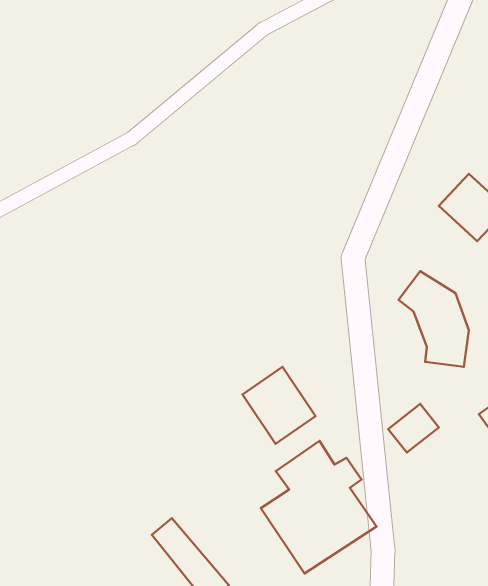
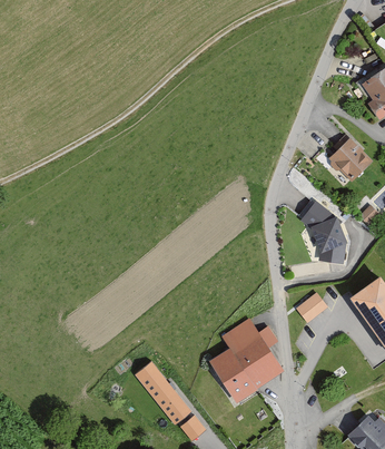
building: [243,367,315,444] -> none

